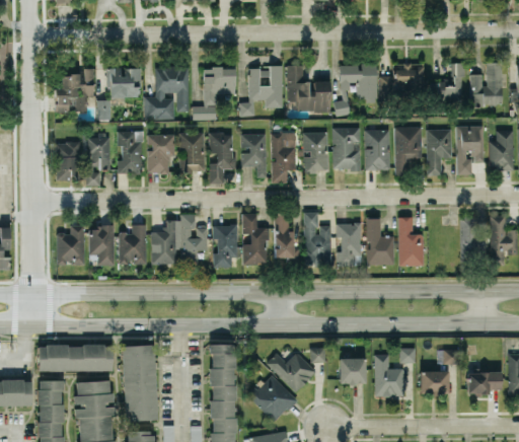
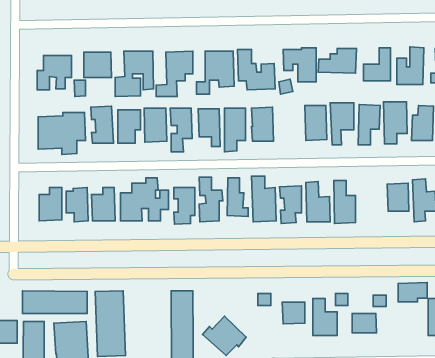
building: [332,128,360,170] -> none
building: [265,352,314,391] -> none
building: [466,371,500,393] -> [398,283,427,302]

